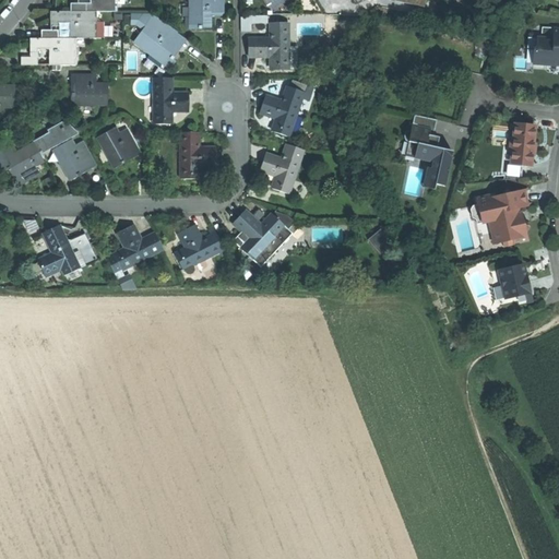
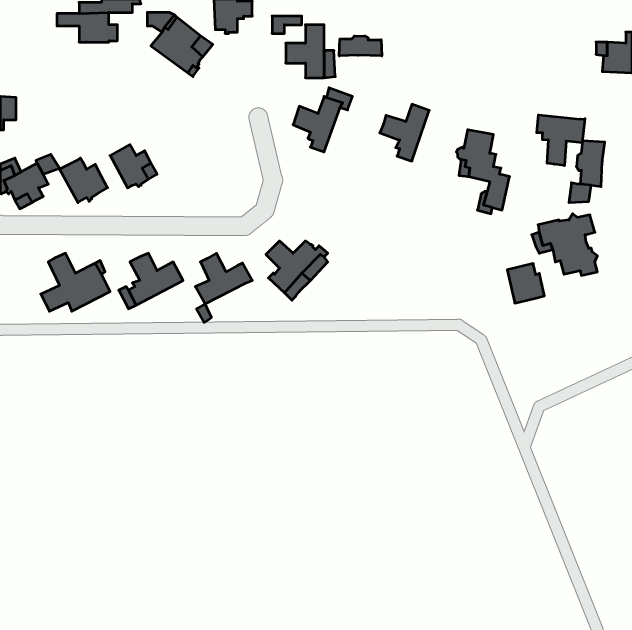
building: none -> [339,36,382,56]
building: [29,37,76,64] -> none
building: [69,75,106,105] -> none
building: [154,76,188,124] -> none
building: none -> [537,115,585,166]
building: [45,121,79,148] -> none
building: [180,132,214,179] -> none
building: [258,143,301,193] -> [380,104,429,161]
building: [497,264,530,299] -> [507,264,544,303]

